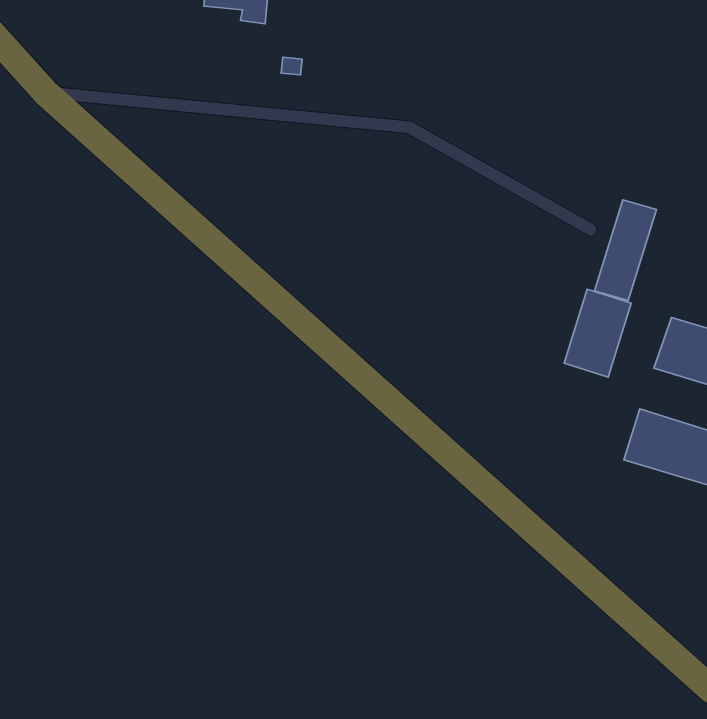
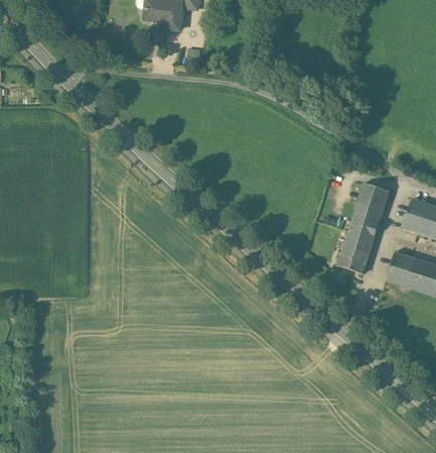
building: [595,200,656,301] -> none
building: none -> [337,224,376,272]

